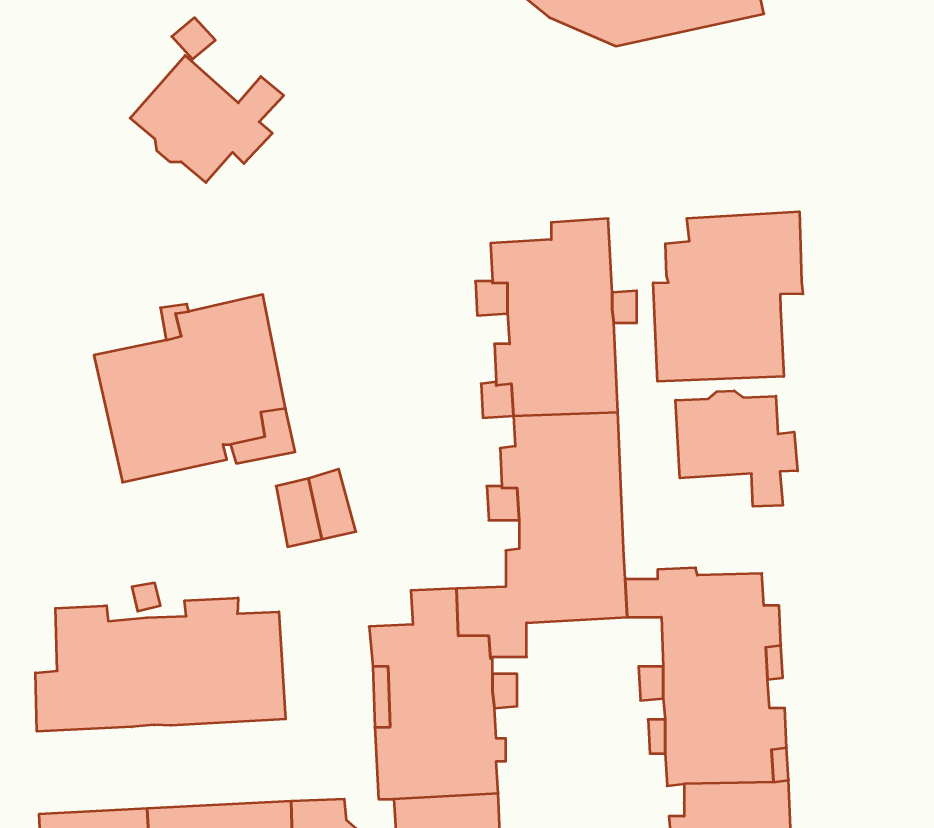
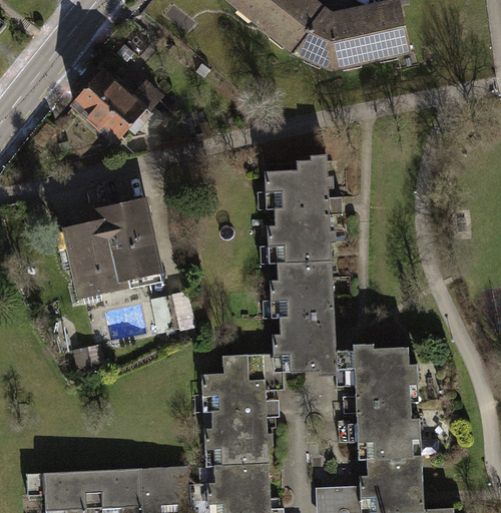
building: [653,212,803,381] -> none
building: [676,391,798,506] -> none
building: [35,598,286,731] -> none

